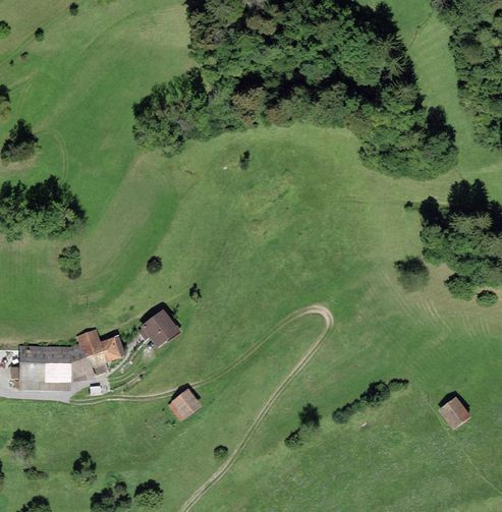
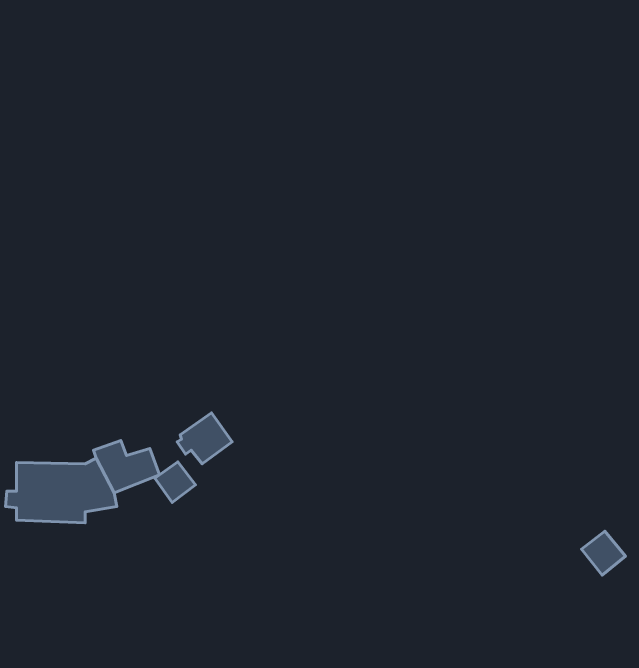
building: none -> [155,462,195,502]
building: [167,388,202,421] -> none

